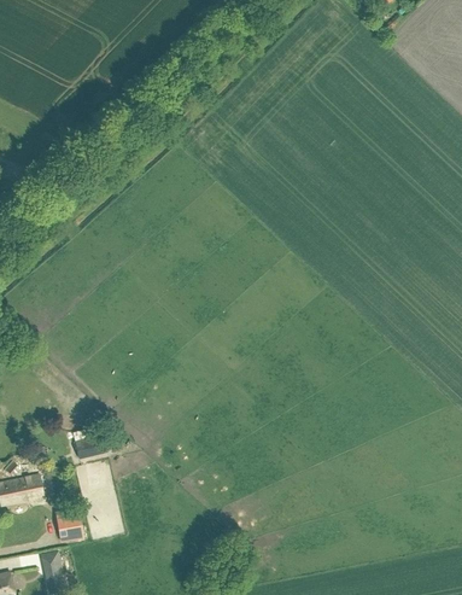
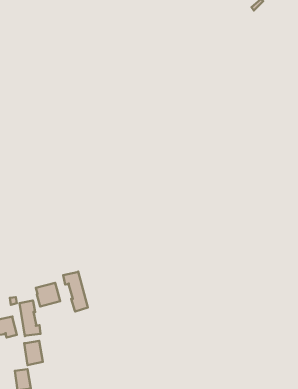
building: none -> [63,271,88,312]
building: none -> [19,300,41,336]

